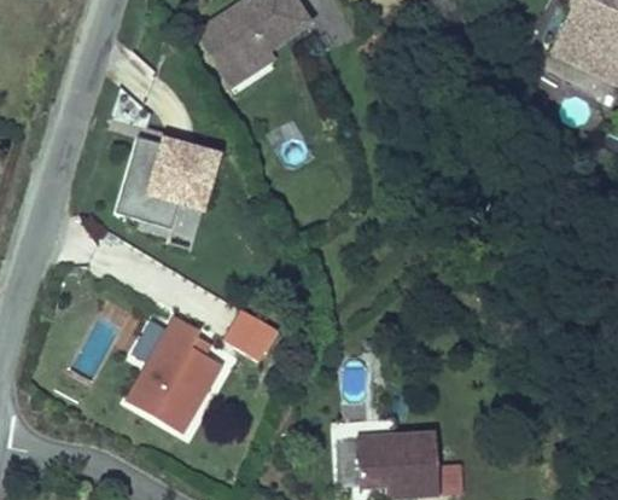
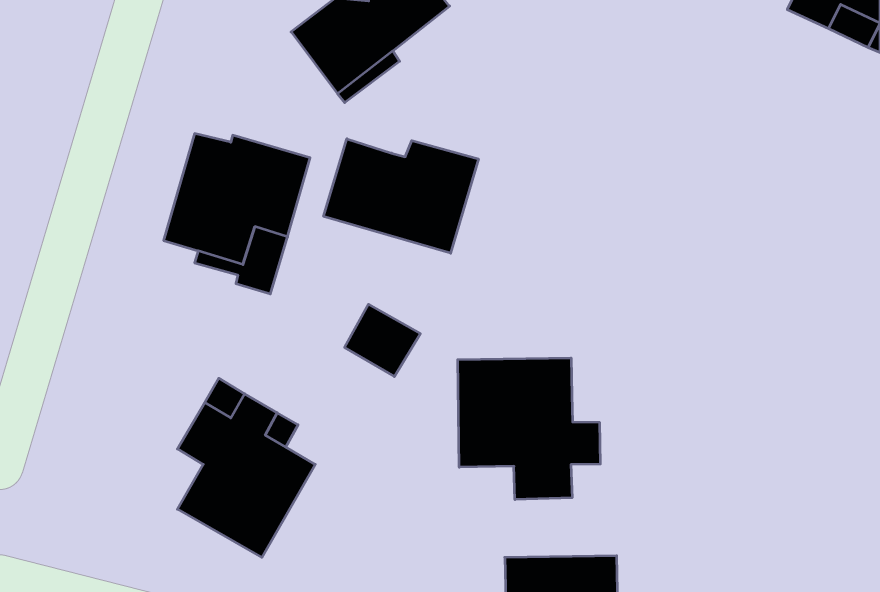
building: none -> [324,139,478,253]
building: none -> [458,358,600,500]
building: [222,306,275,356] -> [345,304,420,377]

